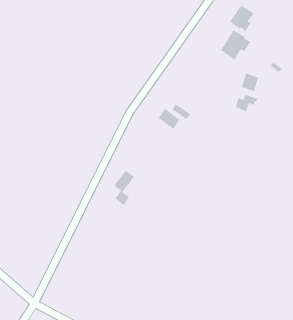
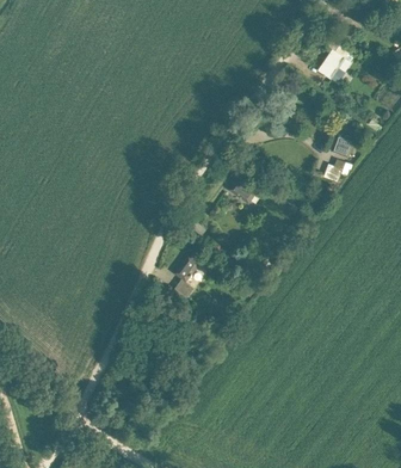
building: [220,30,251,61] -> none

